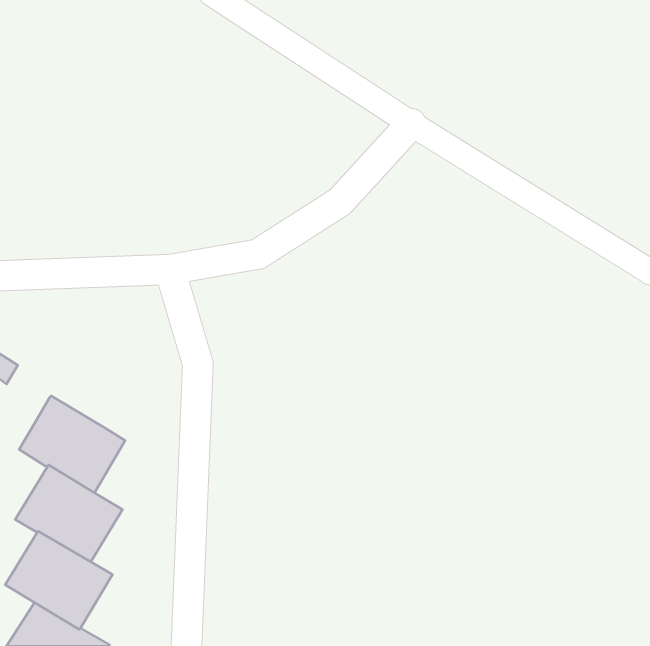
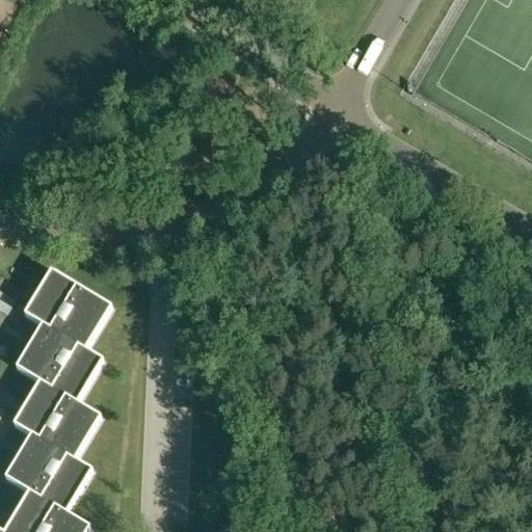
building: none -> [24,268,110,348]

